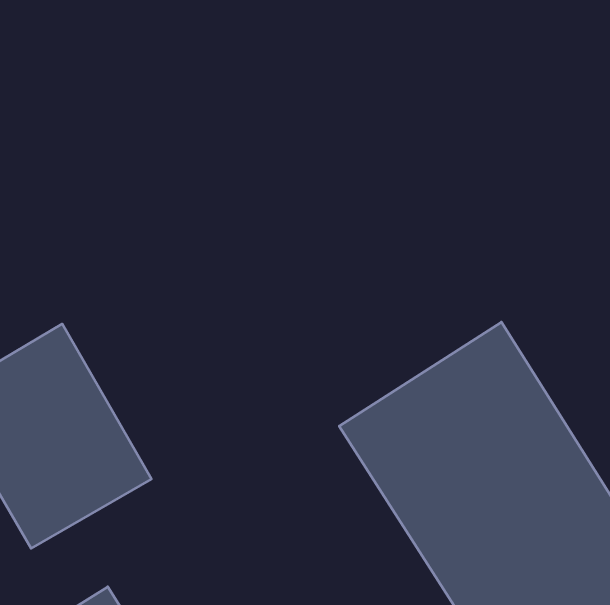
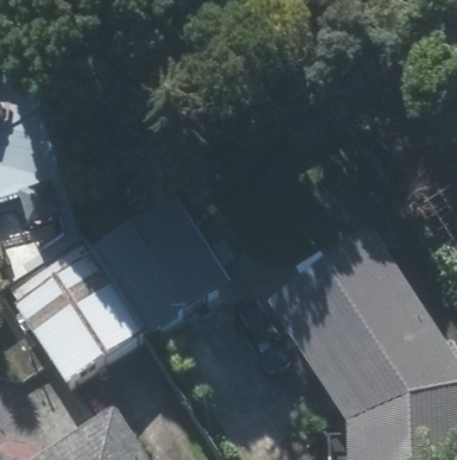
building: none -> [88,184,239,339]

